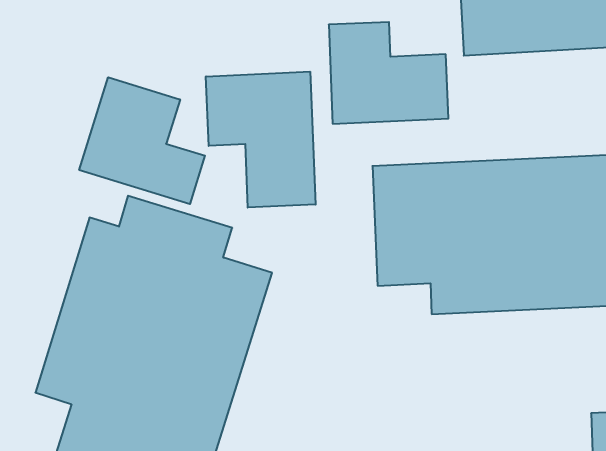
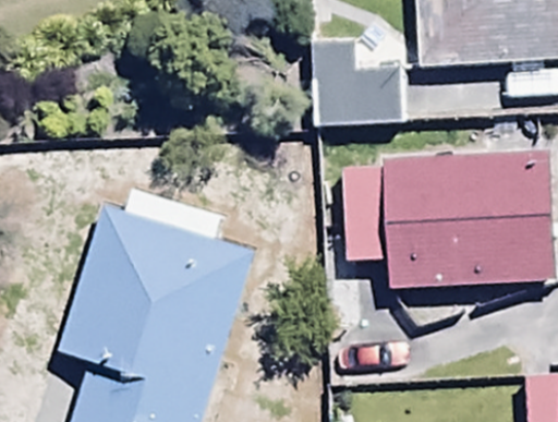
building: [206,72,316,208] -> none
building: [79,77,205,204] -> none

